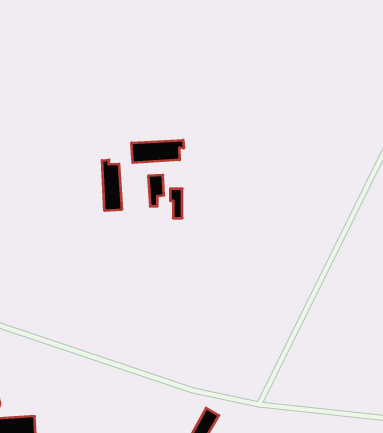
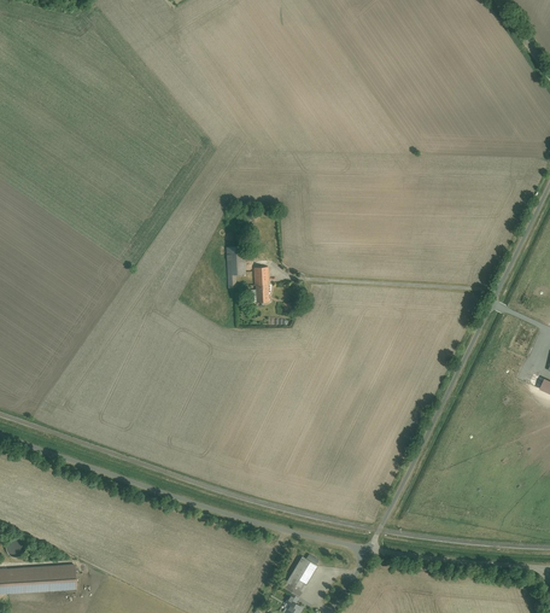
building: [132,140,184,163] -> none
building: [102,160,122,211] -> none

